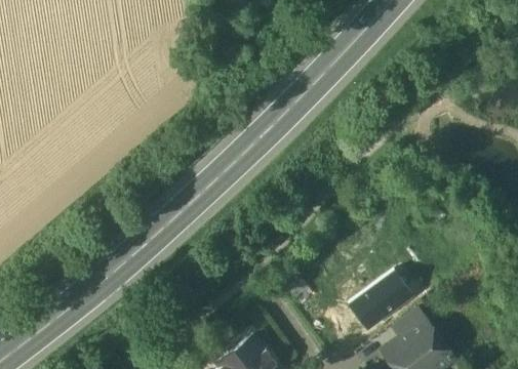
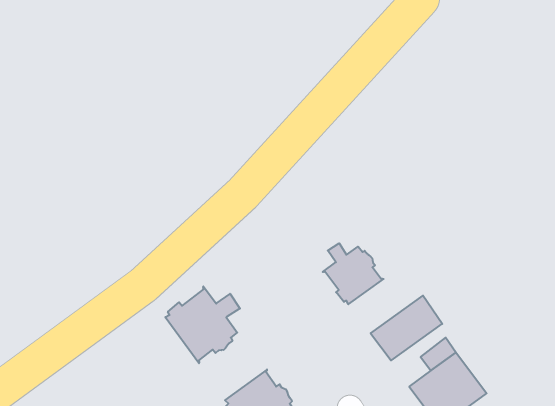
building: none -> [323,243,384,304]
building: none -> [165,286,240,363]

